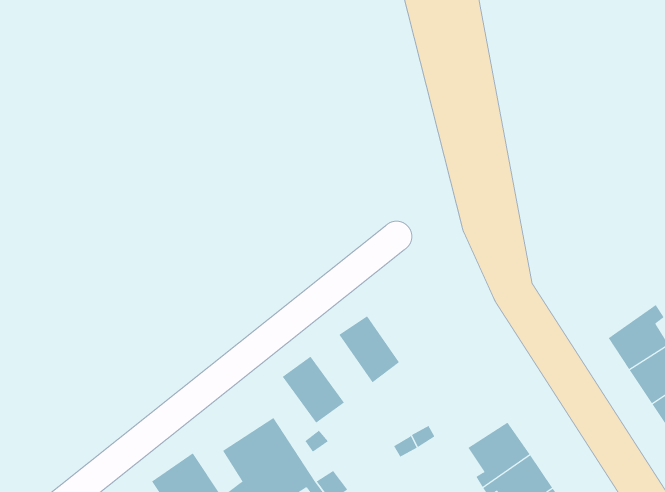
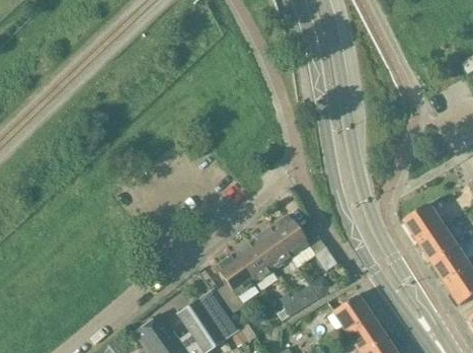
building: none -> [405,203,450,241]
building: none -> [268,213,325,257]
building: none -> [233,239,271,282]

